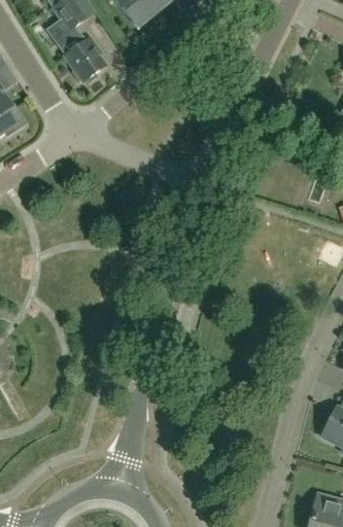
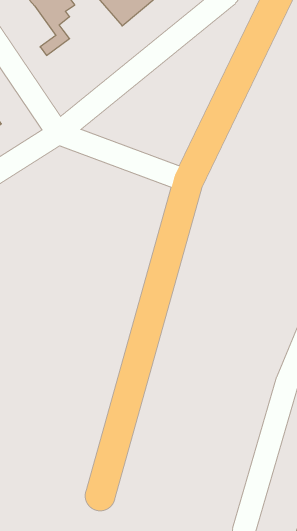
building: [64,36,105,81] -> none

